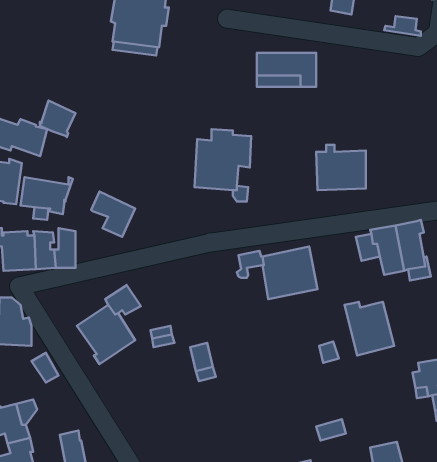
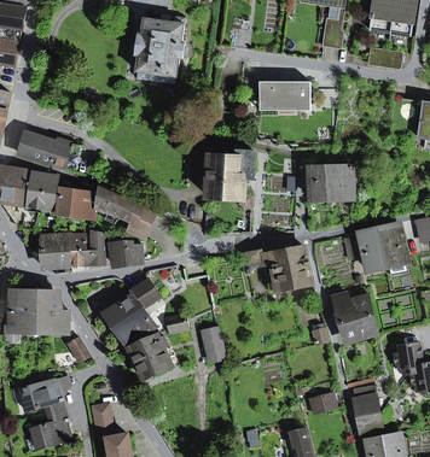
building: [40,100,75,137] -> [95,188,126,219]
building: none -> [111,240,145,264]
building: none -> [129,333,170,377]
building: none -> [350,385,379,417]

